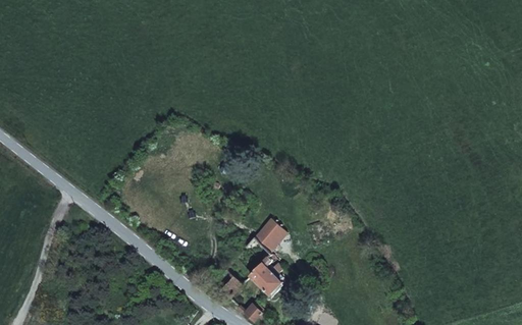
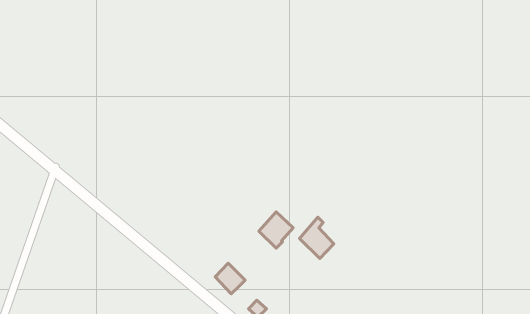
building: [250,255,282,294] -> [300,217,334,259]

